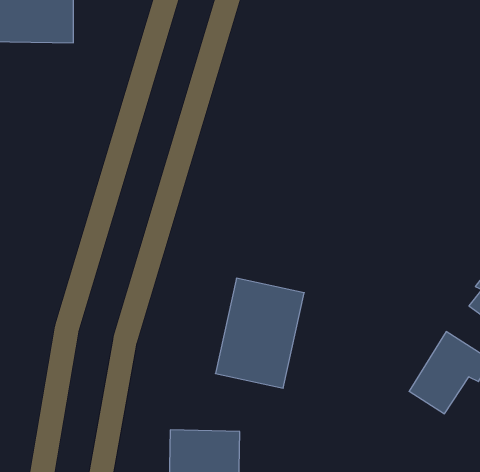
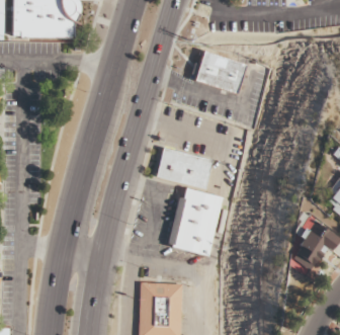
building: none -> [193,50,247,93]
building: none -> [155,147,211,187]

